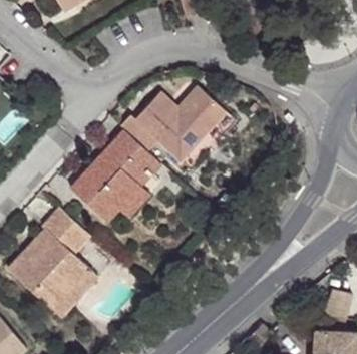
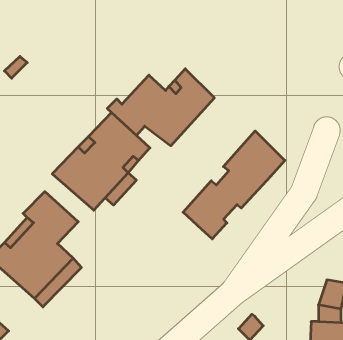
building: none -> [183,131,285,239]

